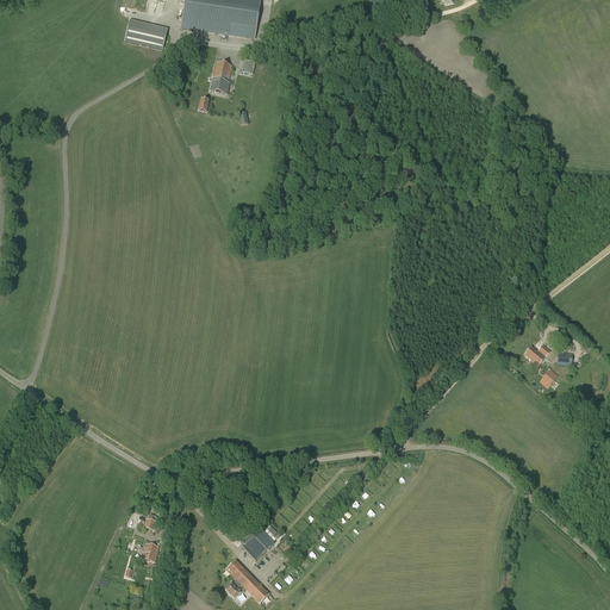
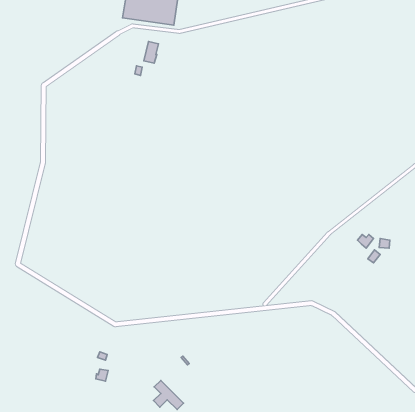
building: [124,18,168,48] -> none
building: [242,524,275,559] -> none

